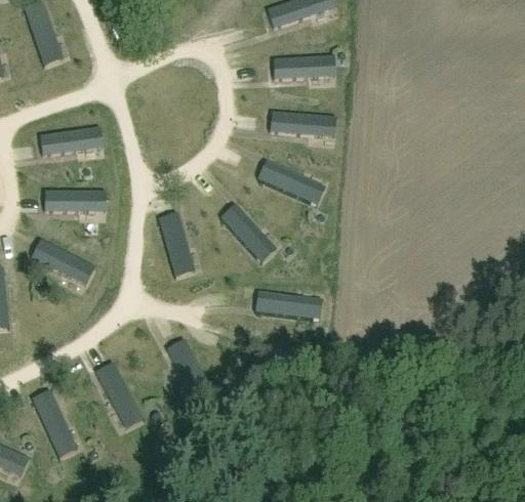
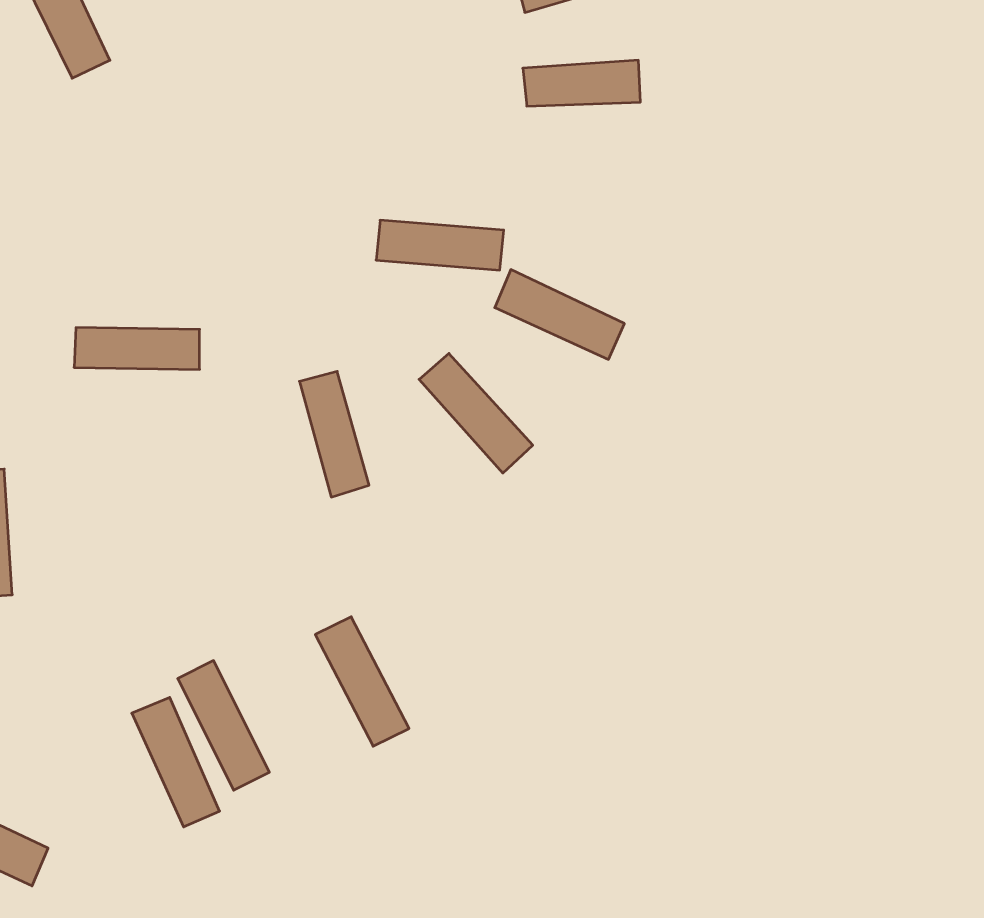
building: [272,112,337,137] -> [376,220,504,270]
building: [41,125,108,155] -> none
building: [32,241,96,285] -> none
building: [255,291,323,320] -> none
building: [32,391,77,458] -> [132,697,220,827]

